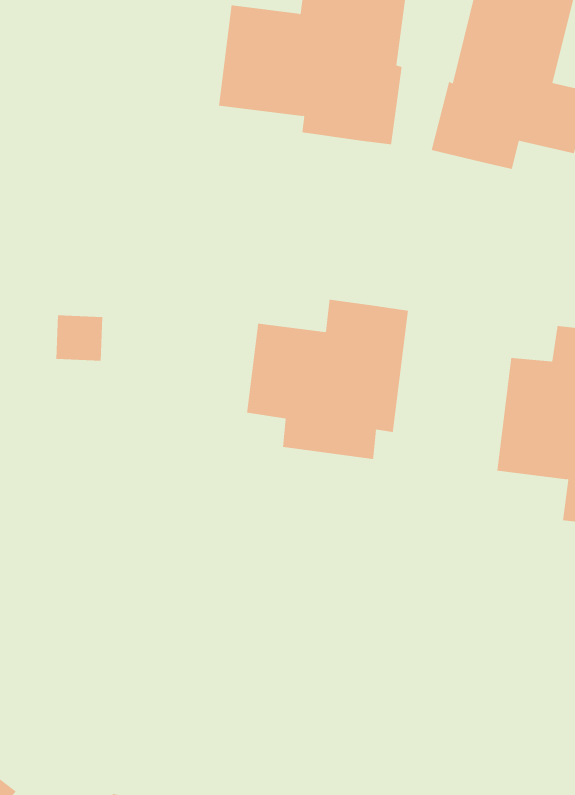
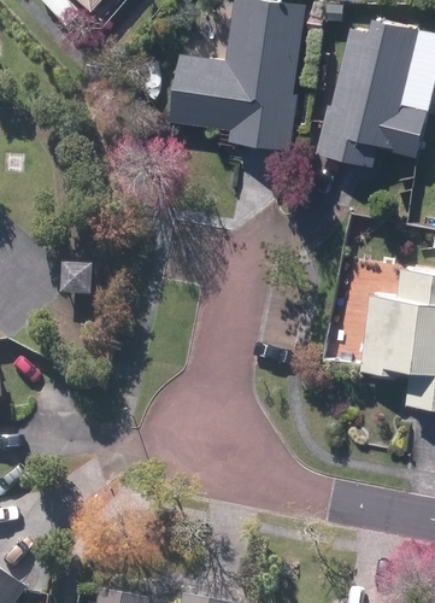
building: [247,299,408,460] -> none

